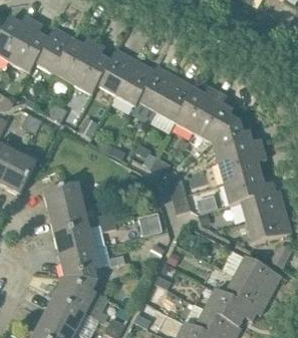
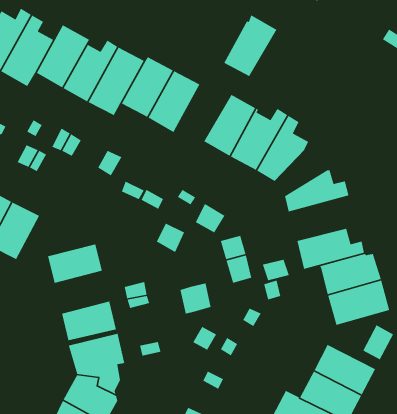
building: [136,65,176,110] -> [223,14,277,77]
building: [207,116,245,149] -> none
building: [217,149,264,182] -> none
building: [48,204,88,234] -> none

